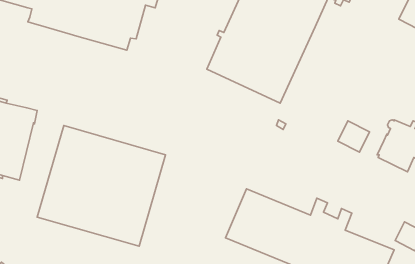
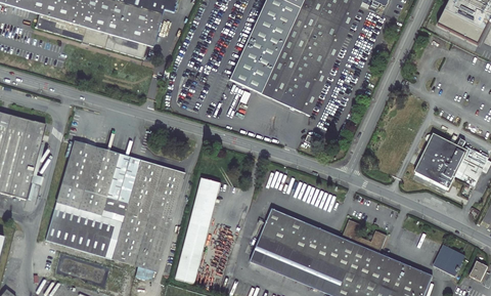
building: [338,121,370,152] -> none
building: none -> [175,177,220,283]

